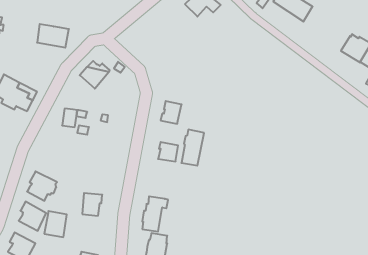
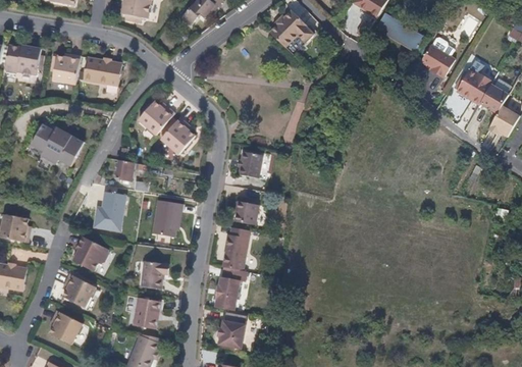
building: none -> [424,36,459,69]
building: none -> [53,54,83,85]
building: none -> [161,117,195,156]
building: [181,130,204,166] -> [222,226,250,270]
building: none -> [94,192,125,229]
building: none -> [152,200,185,235]
building: [44,211,67,237] -> [133,299,160,330]

